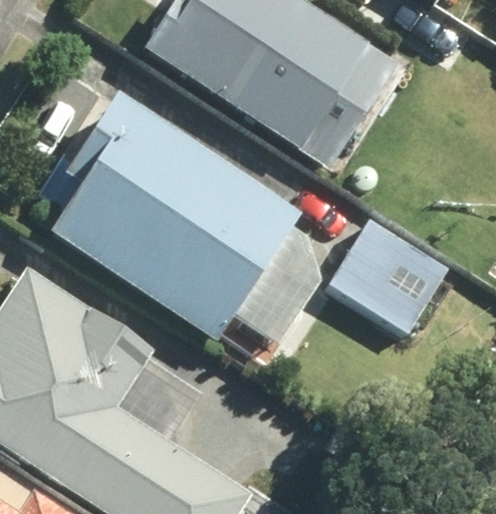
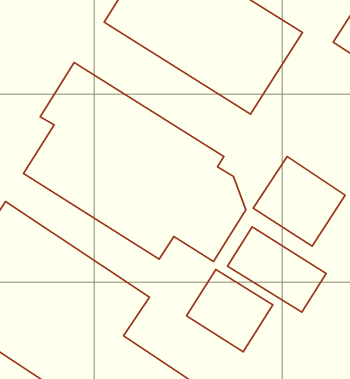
building: none -> [227,227,326,312]
building: none -> [187,270,273,352]

